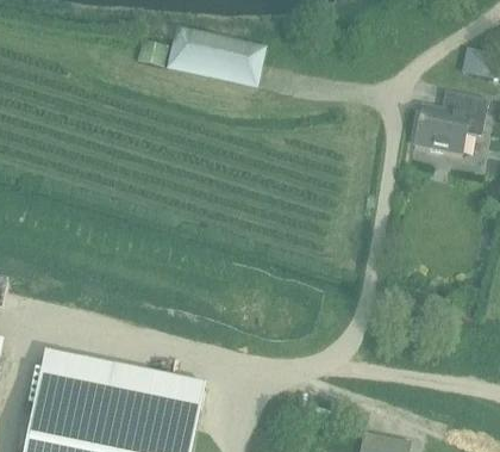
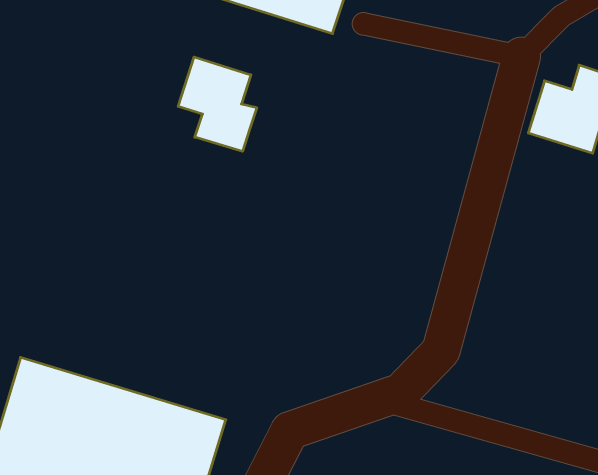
building: none -> [178,57,257,151]

